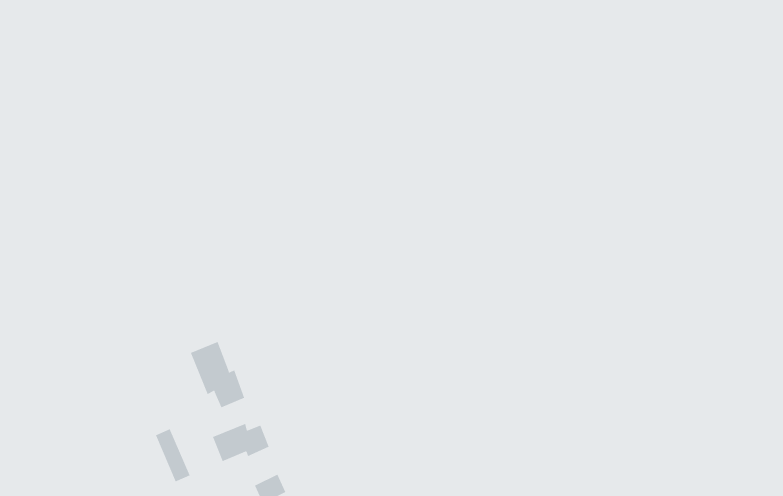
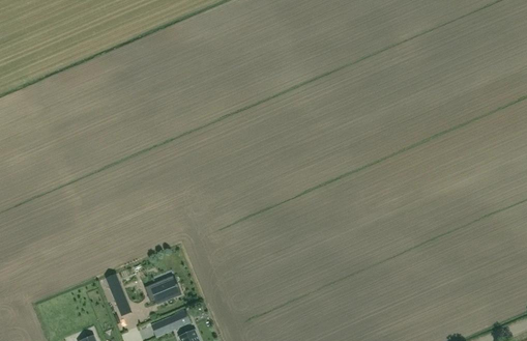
building: [190,341,245,408] -> none

